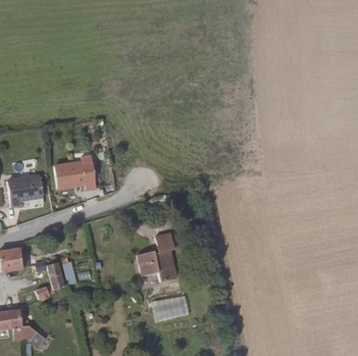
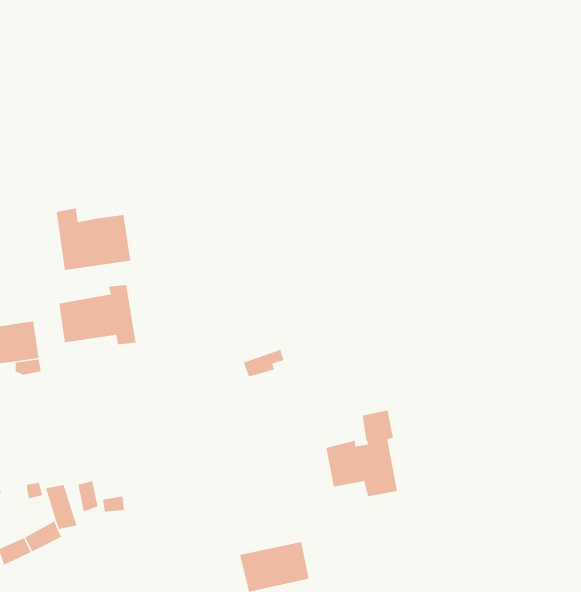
building: none -> [56,207,131,271]
building: [136,232,174,278] -> [326,410,398,497]

